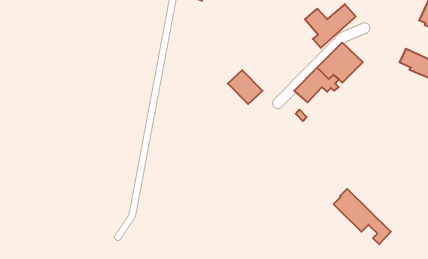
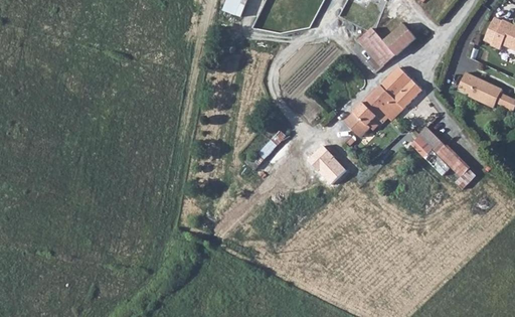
building: [228,70,263,104] -> [308,146,347,184]
building: [334,189,391,244] -> [411,124,476,186]

